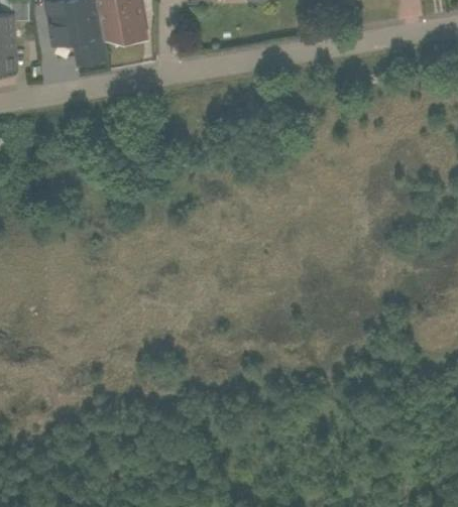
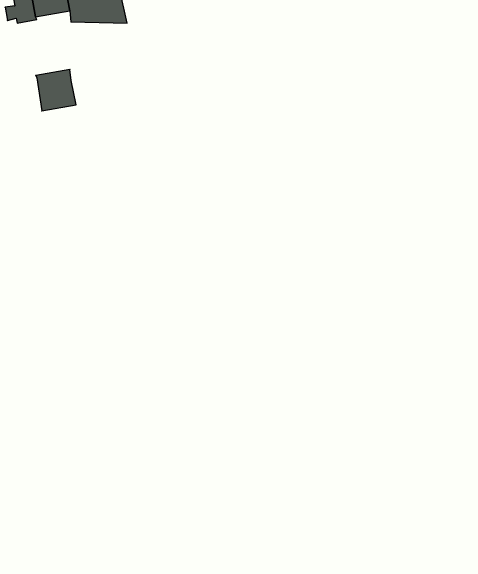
building: [68,32,101,67] -> [36,69,76,111]

